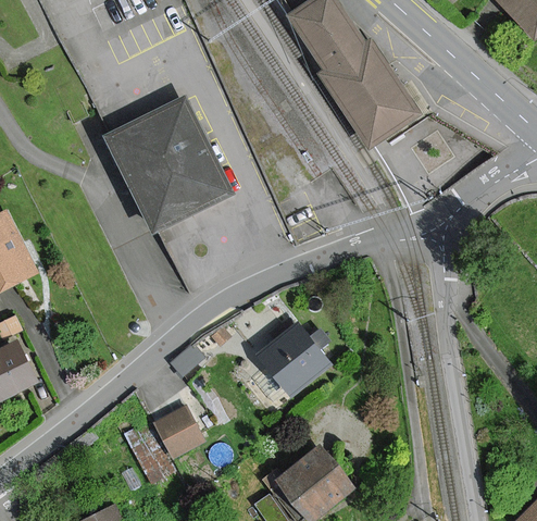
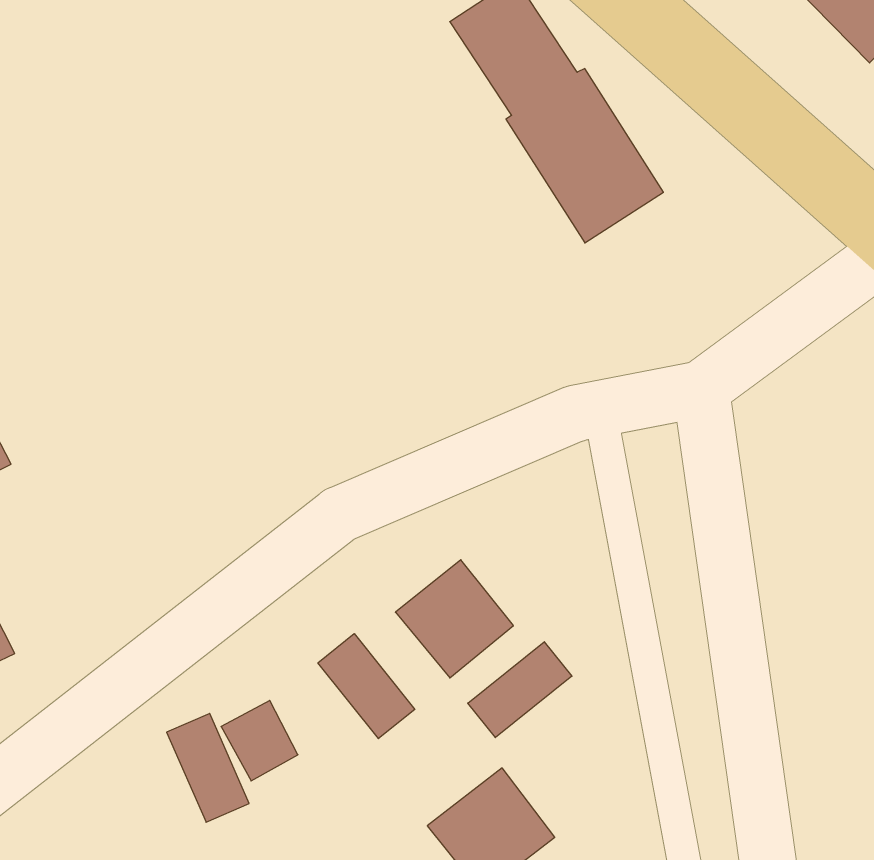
building: [113,106,229,228] -> none
building: none -> [318,634,415,739]
building: none -> [468,642,572,738]

